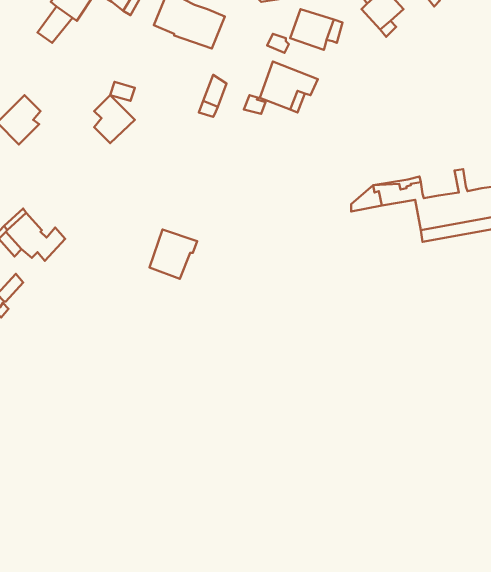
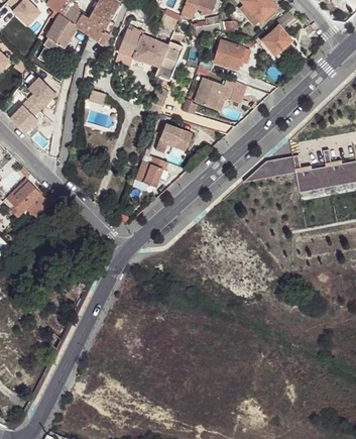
building: none -> [155,40,183,80]
building: [94,95,135,143] -> [28,77,56,110]
building: none -> [155,122,192,151]
building: [149,230,197,279] -> [135,152,168,187]

